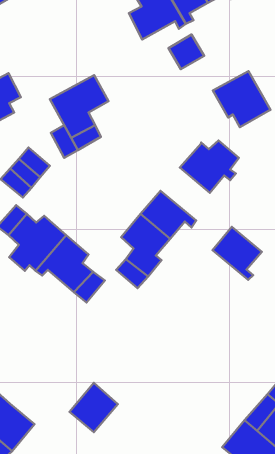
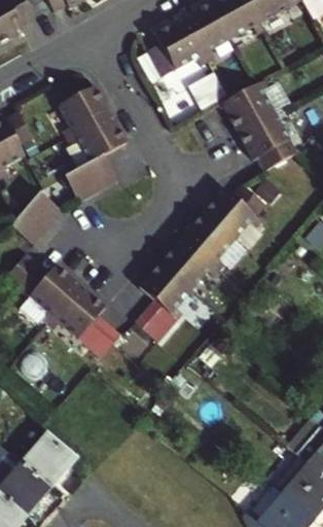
building: none -> [222,76,276,131]
building: none -> [59,85,111,138]
building: [213,227,262,280] -> [182,213,235,270]
building: [70,383,118,432] -> [22,434,73,487]

